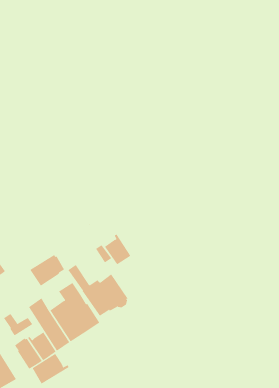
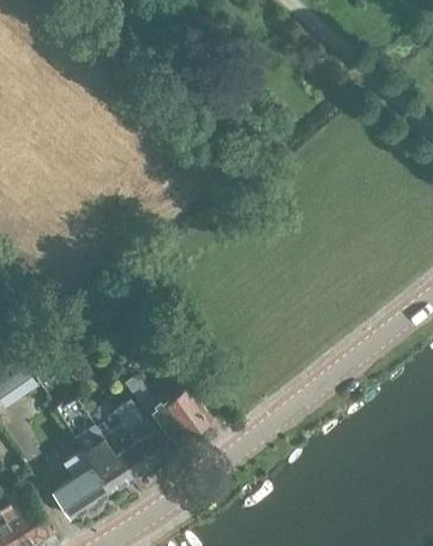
building: [88,222,131,265] -> none
building: [29,254,65,286] -> none
building: [32,335,85,384] -> none

